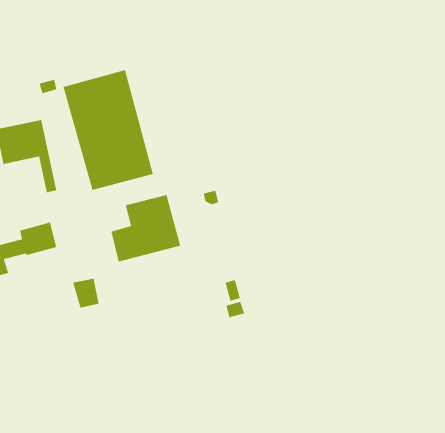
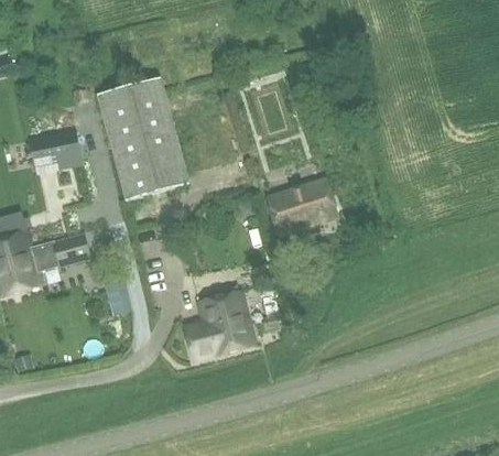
building: none -> [268,180,336,232]
building: [111,194,181,263] -> [185,287,257,357]

